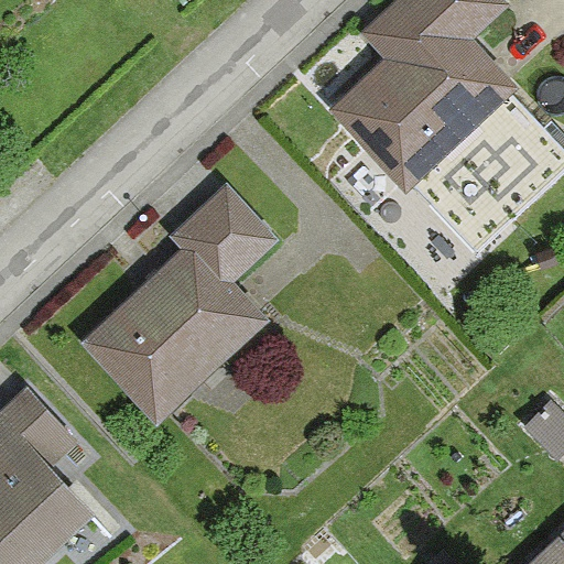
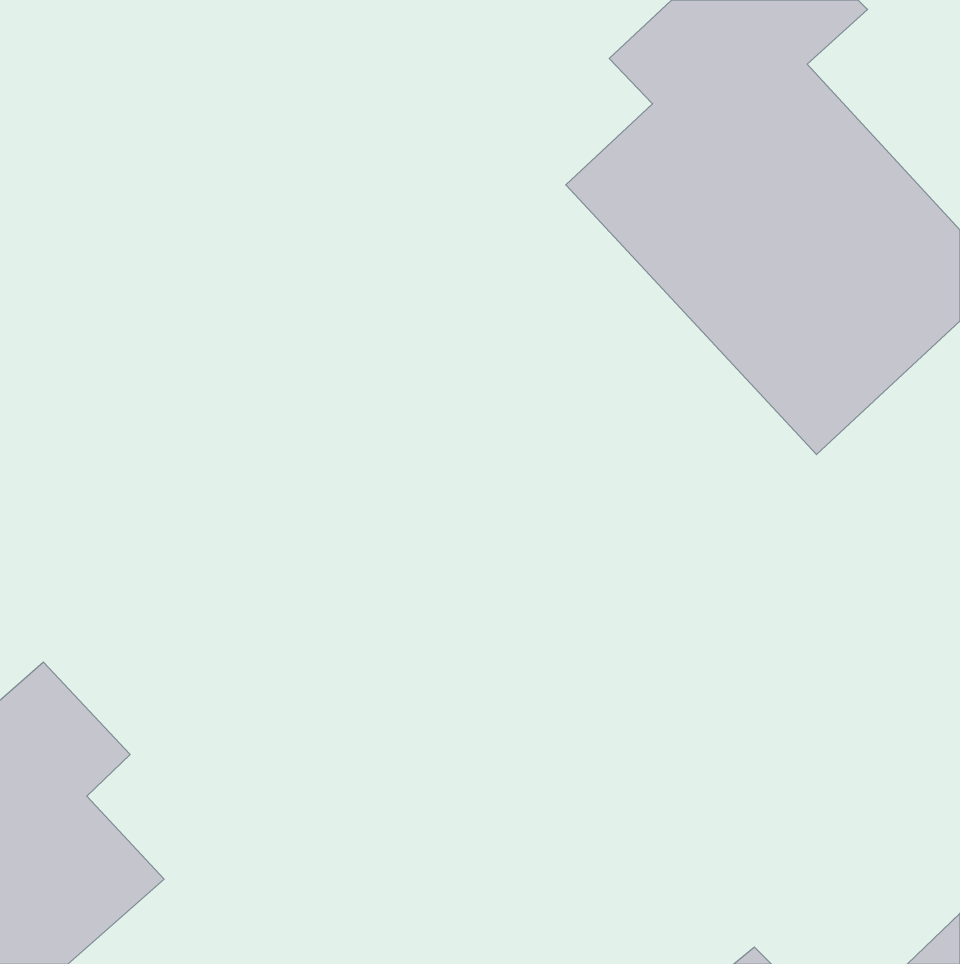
building: [80,183,273,424] -> none

